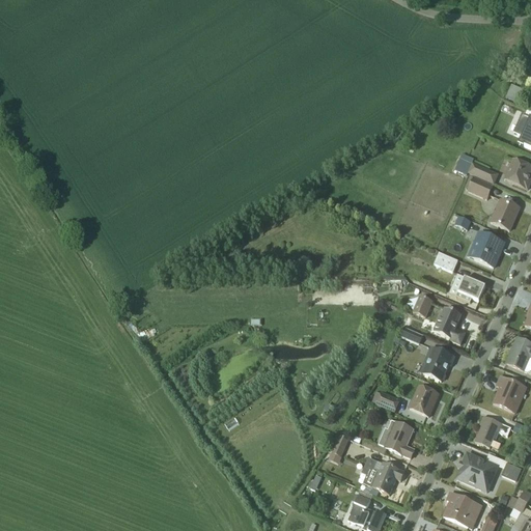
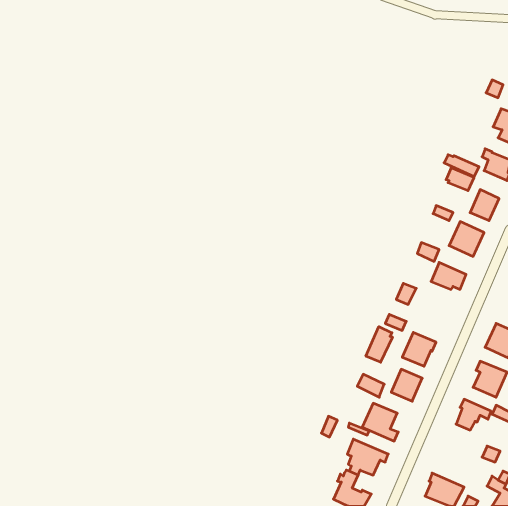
building: [435,307,463,338] -> none
building: none -> [366,327,392,362]
building: [457,452,499,491] -> none

